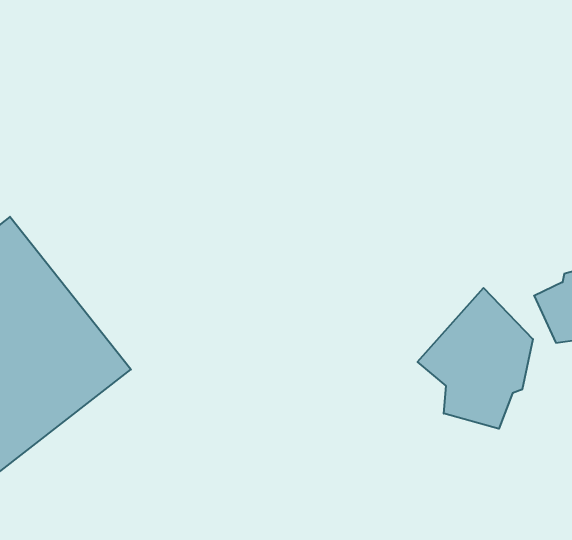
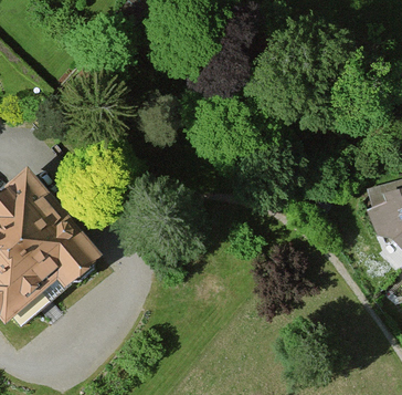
building: [418,288,533,429] -> none

